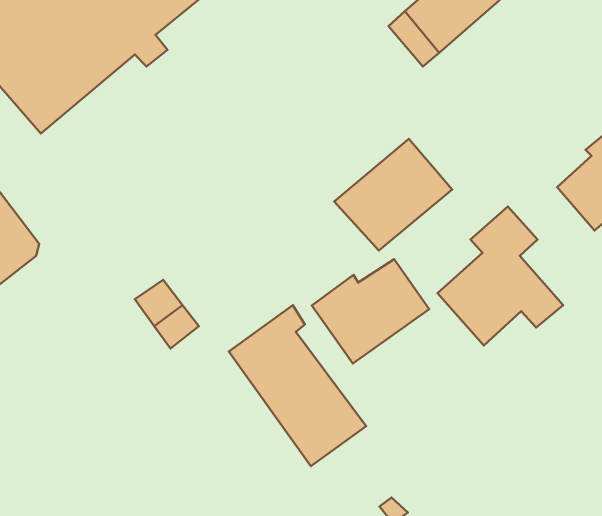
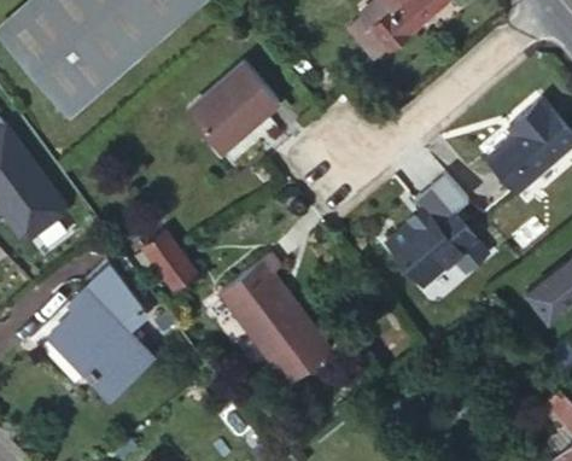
building: [334,139,452,251] -> [185,62,280,152]
building: [312,259,429,364] -> none
building: none -> [52,268,151,397]

